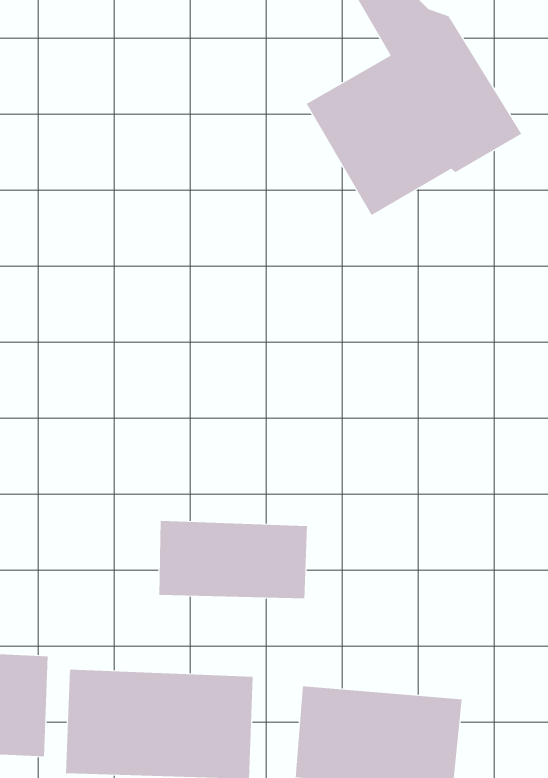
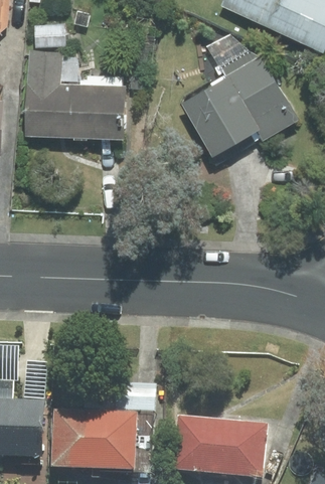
building: none -> [25,52,124,138]
building: [159,520,307,599] -> none

